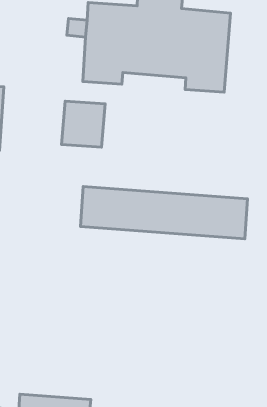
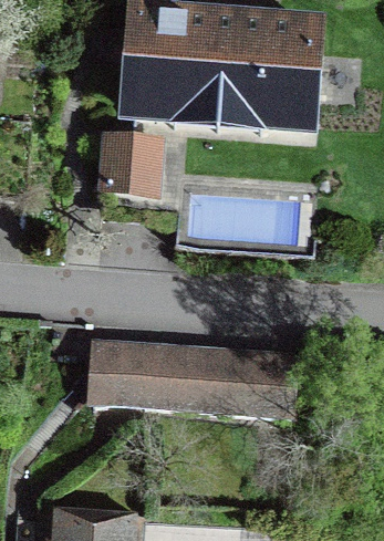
building: [80,186,248,239] -> [86,350,294,415]

